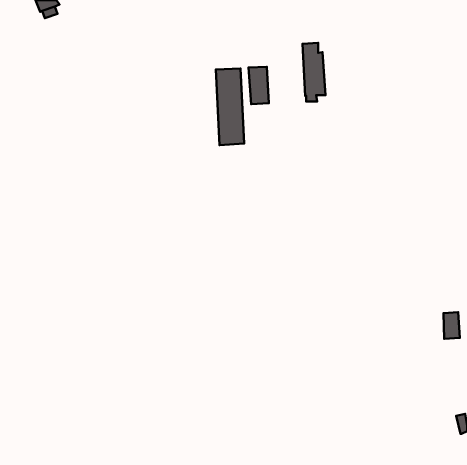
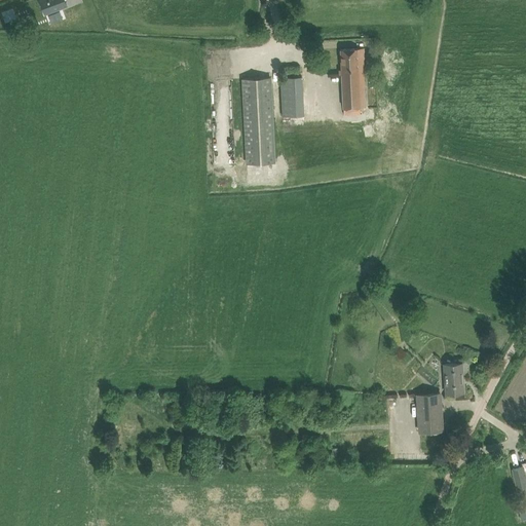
building: [443,312,460,339] -> [445,365,463,394]
building: none -> [417,394,442,434]

